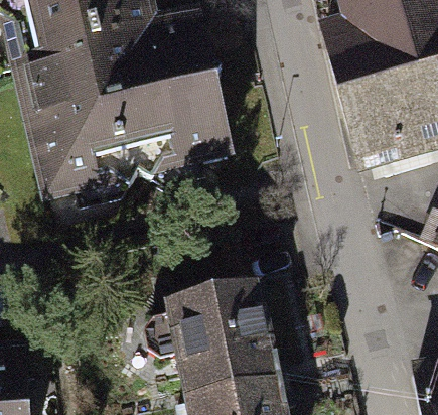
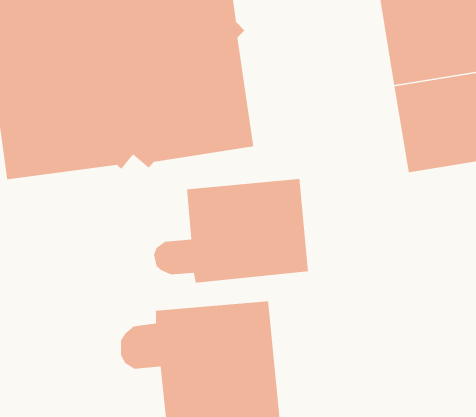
building: none -> [153,178,309,284]

